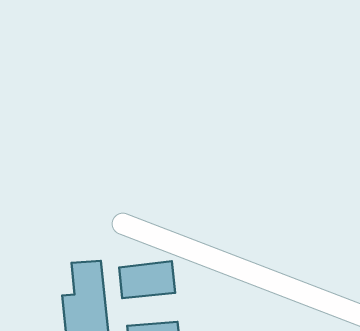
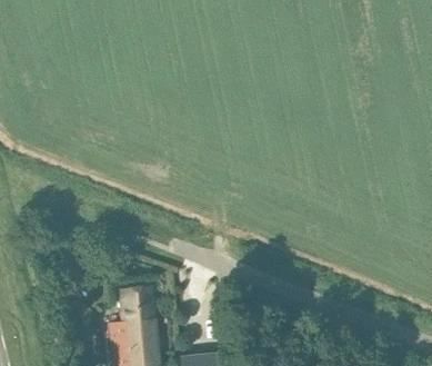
building: [119,261,175,298] -> none

